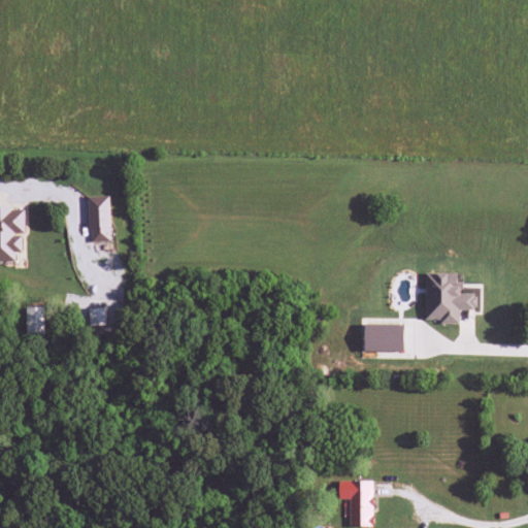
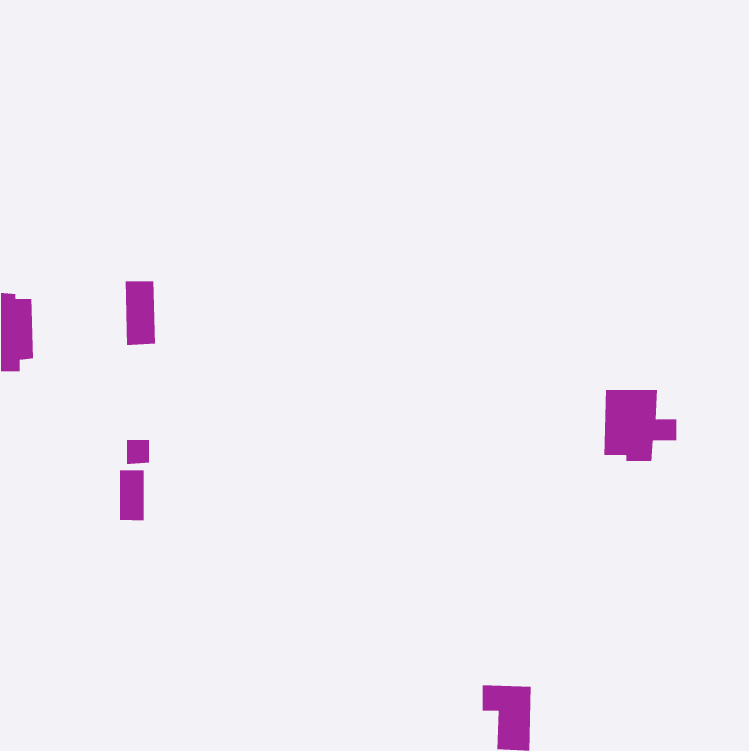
building: [26,307,44,334] -> none
building: [364,325,404,352] -> none
building: none -> [119,469,144,521]

